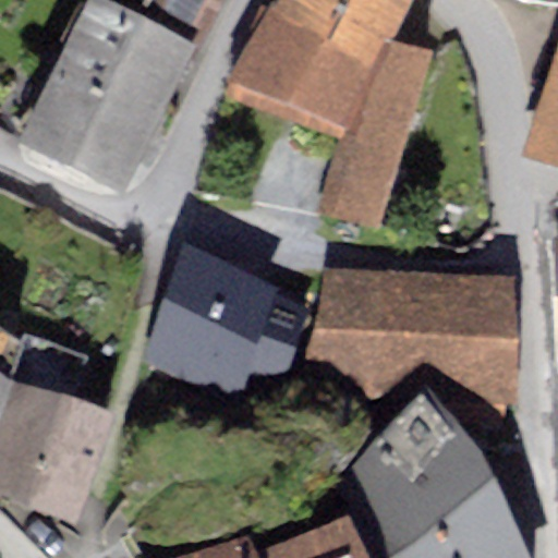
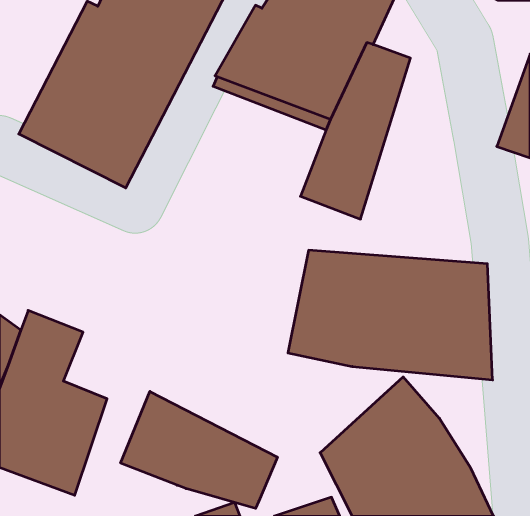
building: [144,244,310,391] -> none
building: none -> [121,391,277,508]

